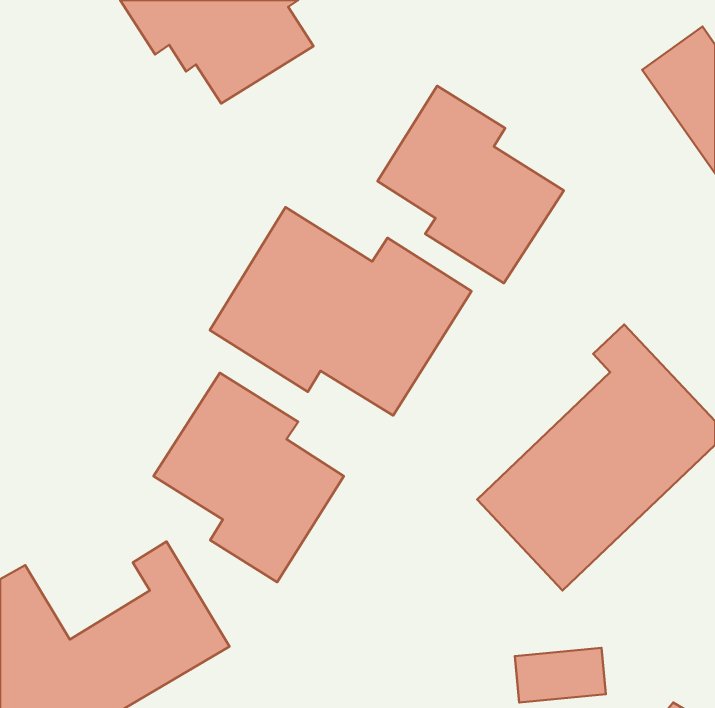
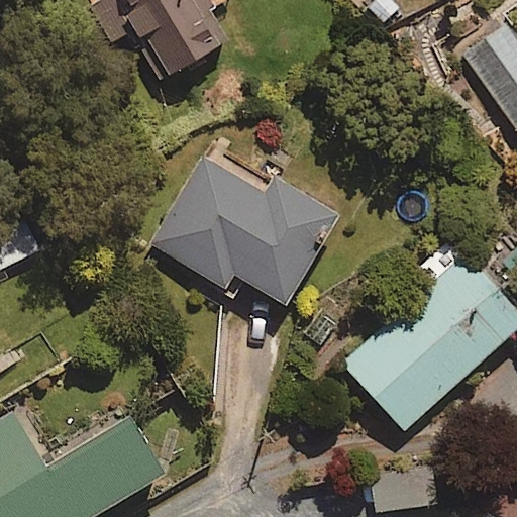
building: [378,86,564,283] -> none
building: [154,373,344,582] -> none

